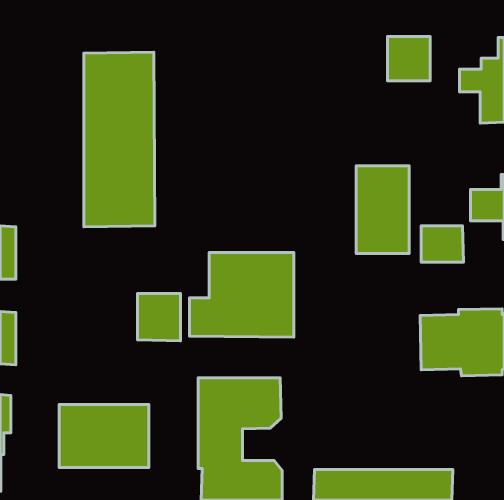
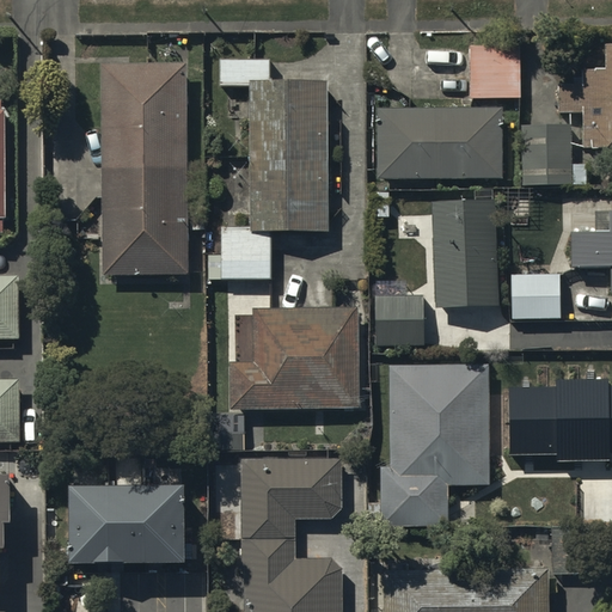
building: none -> [219,59,328,279]
building: none -> [378,108,501,178]
building: none -> [521,124,586,184]
building: none -> [374,280,422,348]
building: [138,294,180,341] -> none
building: none -> [378,362,486,525]

